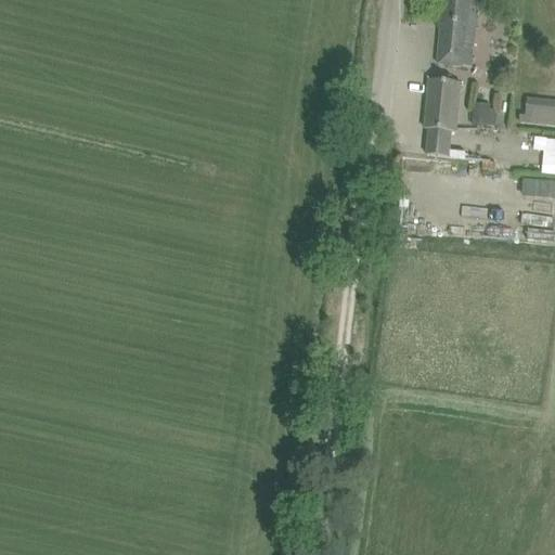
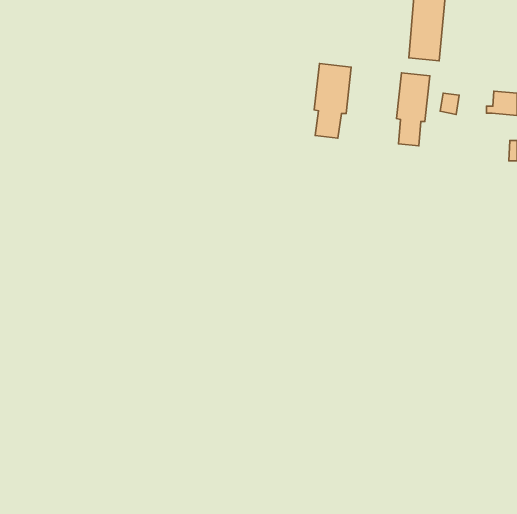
building: none -> [314,64,351,138]

